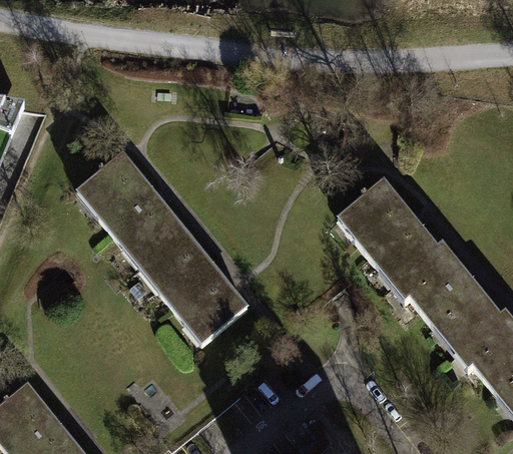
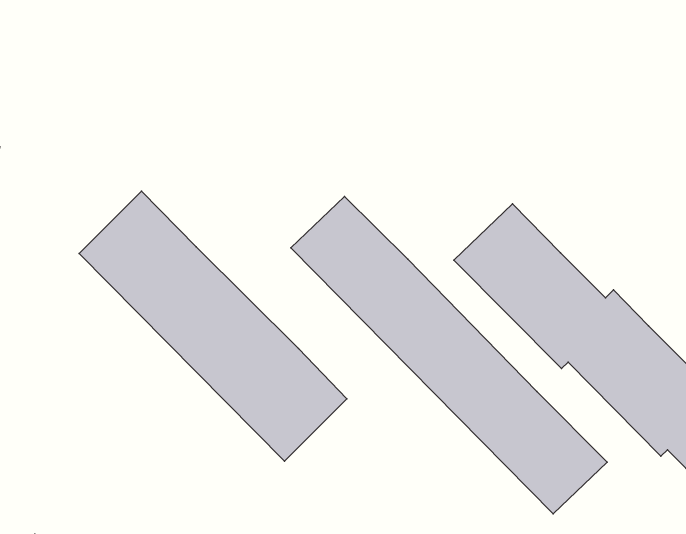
building: none -> [291,196,607,514]

